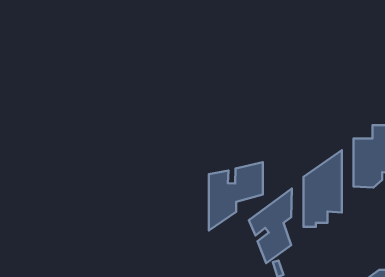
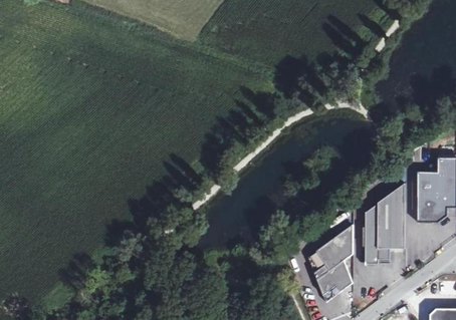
building: [209,162,263,230] -> none

